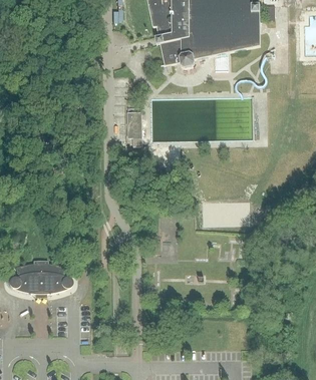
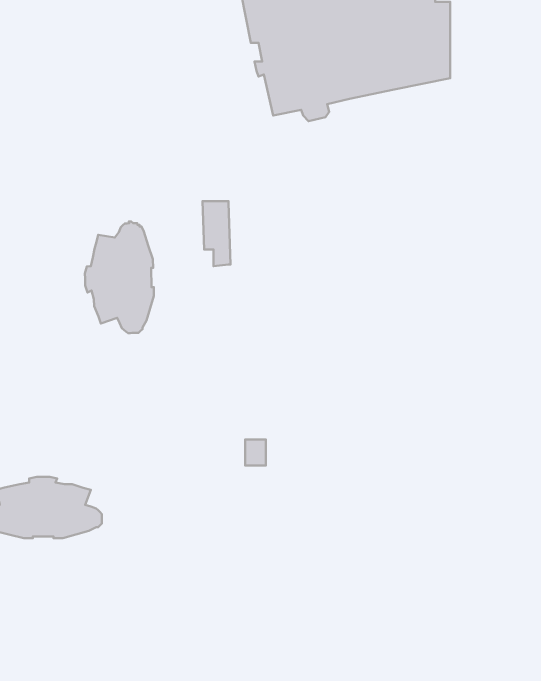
building: none -> [85,222,154,333]

